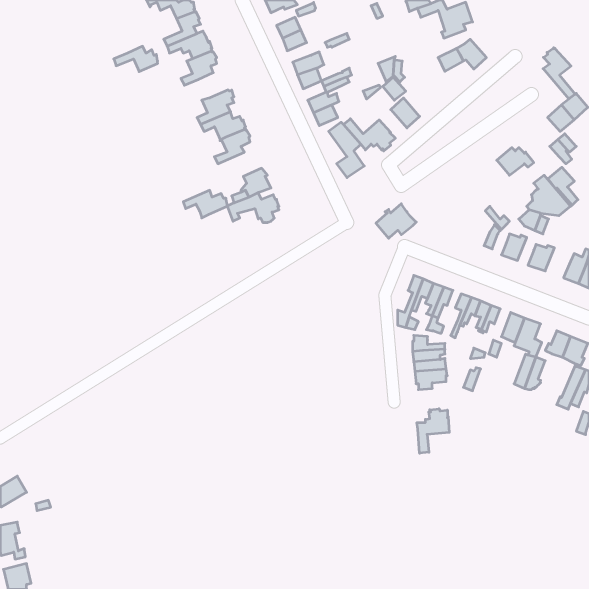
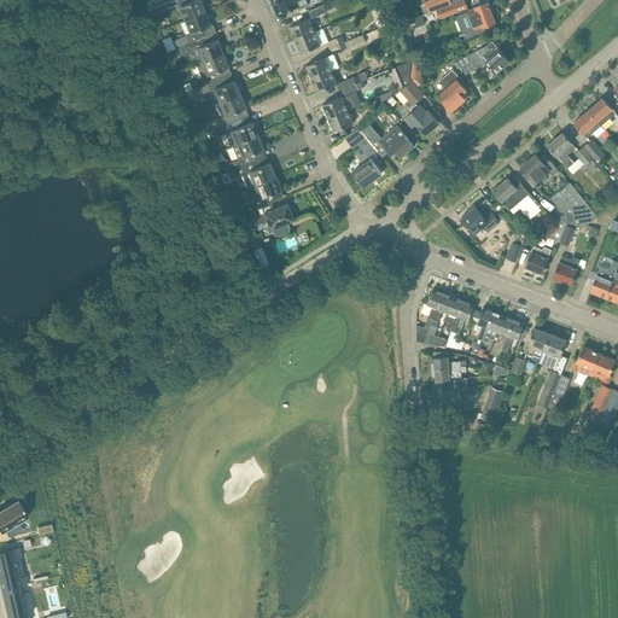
building: [114,46,158,72] -> [193,76,239,103]
building: [543,48,575,99] -> none
building: none -> [439,70,466,111]
building: [548,167,578,205] -> [548,133,579,173]
building: none -> [492,179,535,211]
building: [183,190,227,218] -> [228,159,274,188]
building: [376,204,416,238] -> [461,198,503,234]
building: [417,409,449,453] -> none

